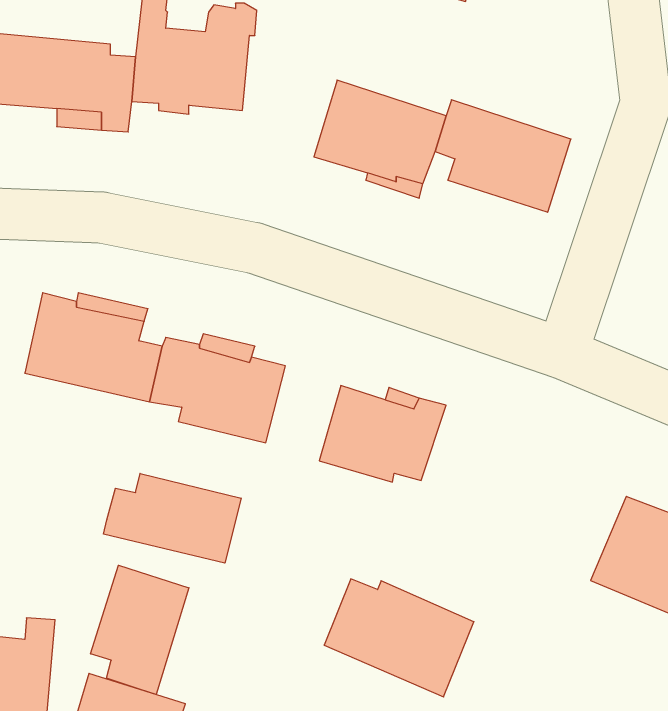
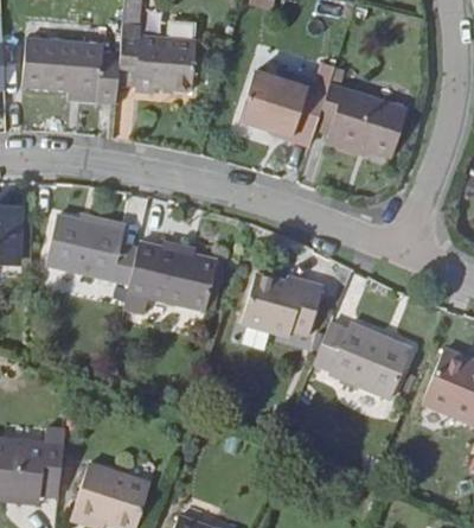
building: [104,473,241,563] -> none
building: [91,565,189,694] -> none
building: [324,579,474,697] -> [313,320,412,399]

